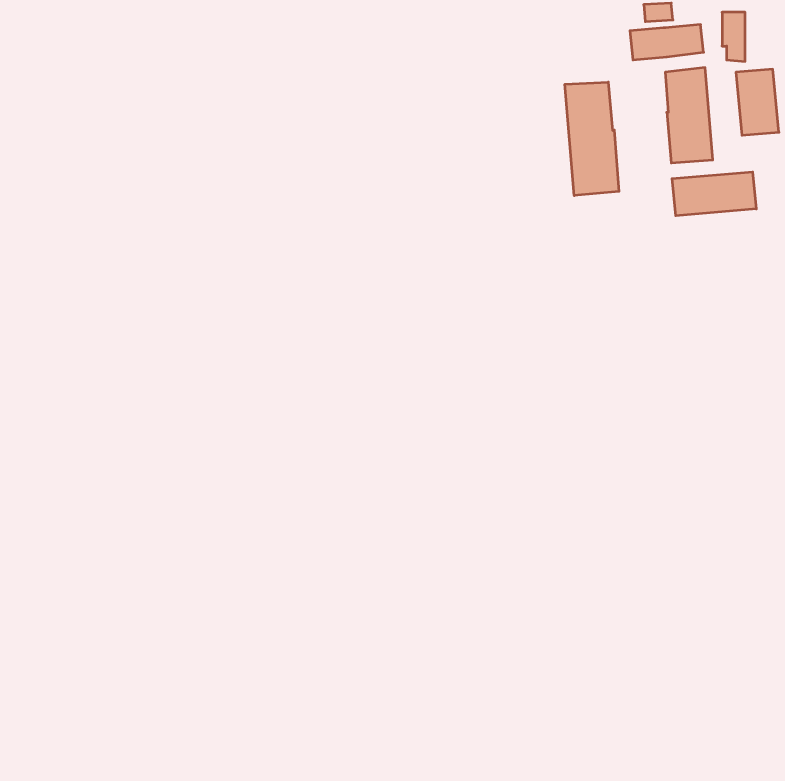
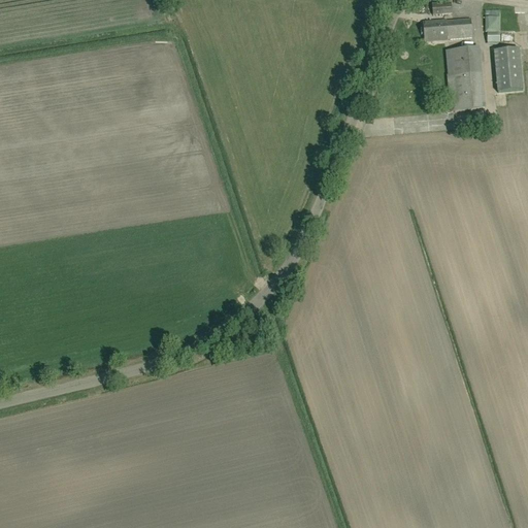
building: [565,82,619,196] -> none
building: [672,172,756,216] -> none

